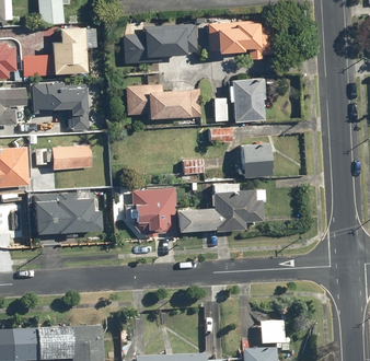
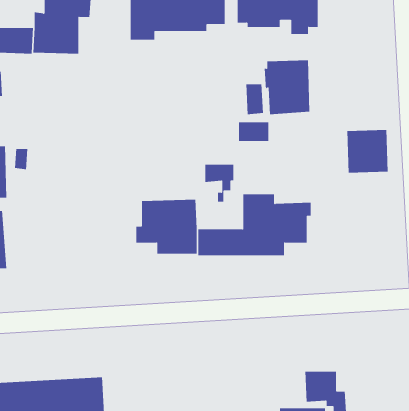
building: [125,80,200,119] -> none
building: [33,82,88,128] -> none
building: [239,143,271,177] -> [346,130,389,173]
building: [50,145,90,168] -> none
building: [33,187,99,233] -> none

